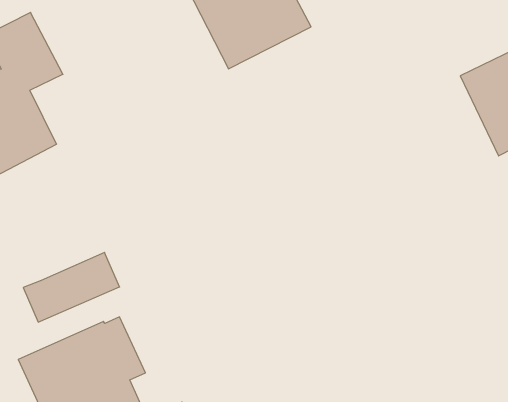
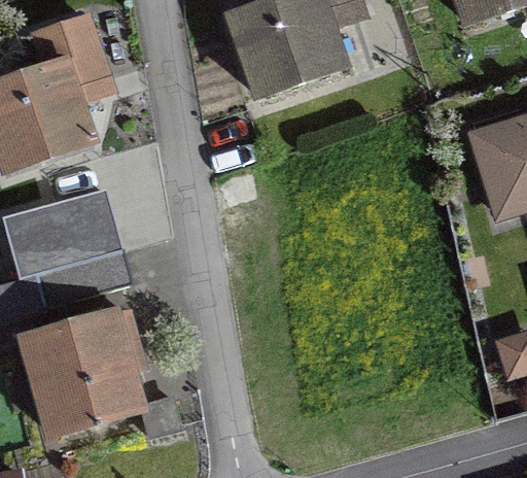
building: none -> [38,190,117,267]

